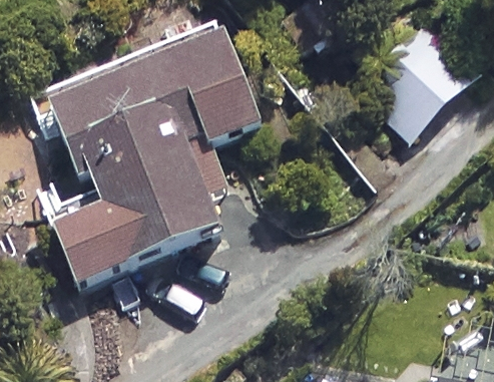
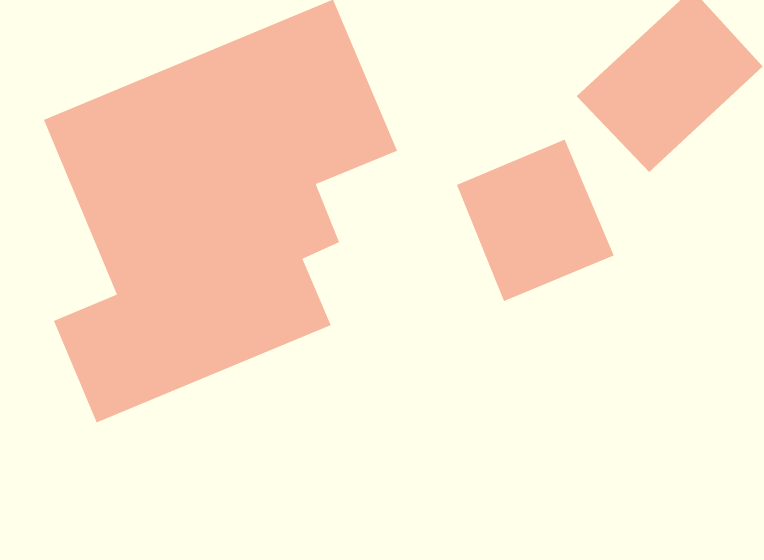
building: none -> [456,139,615,302]

